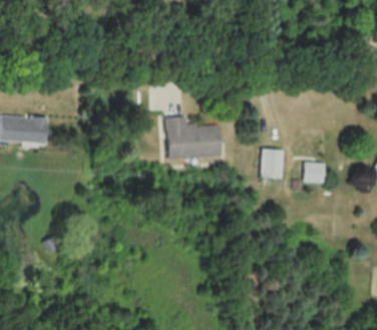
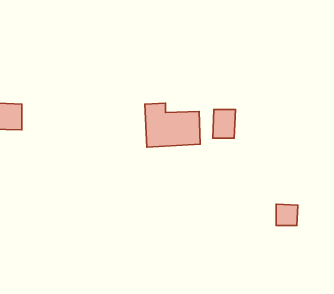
building: [261,149,283,178] -> [213,109,235,138]
building: [304,161,325,183] -> [276,204,298,226]

